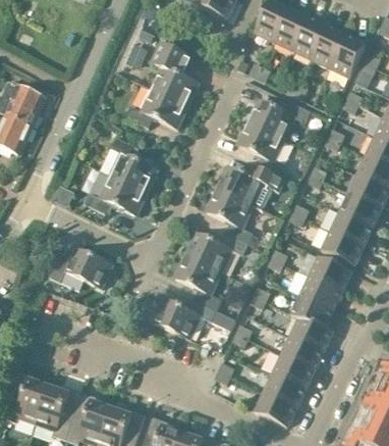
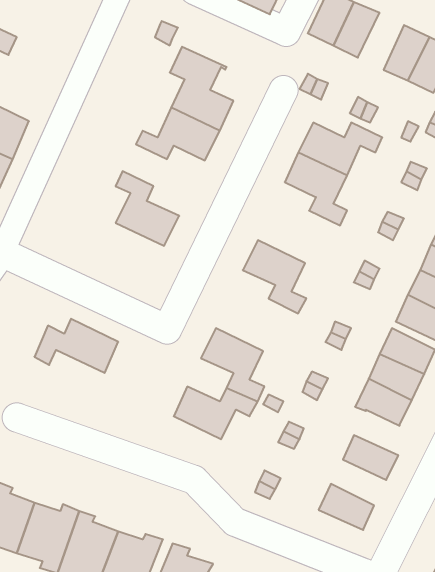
building: [292,17,327,60] -> none
building: [217,164,284,210] -> none
building: [84,176,147,215] -> none
building: [185,233,247,272] -> none
building: [289,316,332,351] -> none
building: [272,354,314,389] -> none
building: [254,392,296,428] -> none

